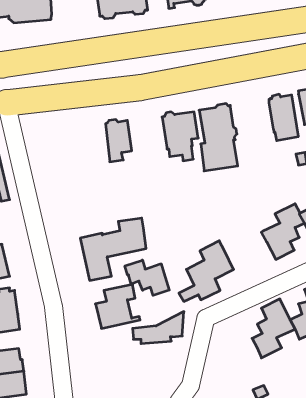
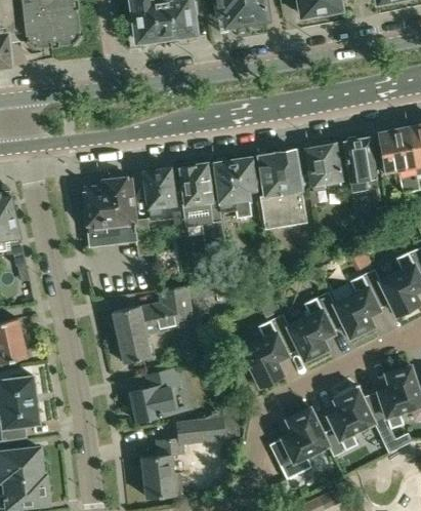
building: none -> [305,142,347,192]
building: none -> [177,163,219,227]
building: none -> [80,178,151,257]
building: none -> [288,292,339,360]
building: [125,260,169,295] -> none
building: none -> [269,408,328,480]
building: none -> [142,439,182,498]

